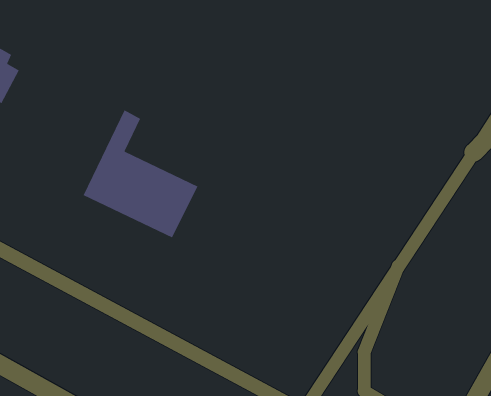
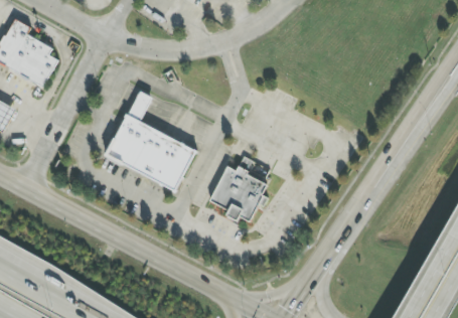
building: none -> [210,156,269,222]

